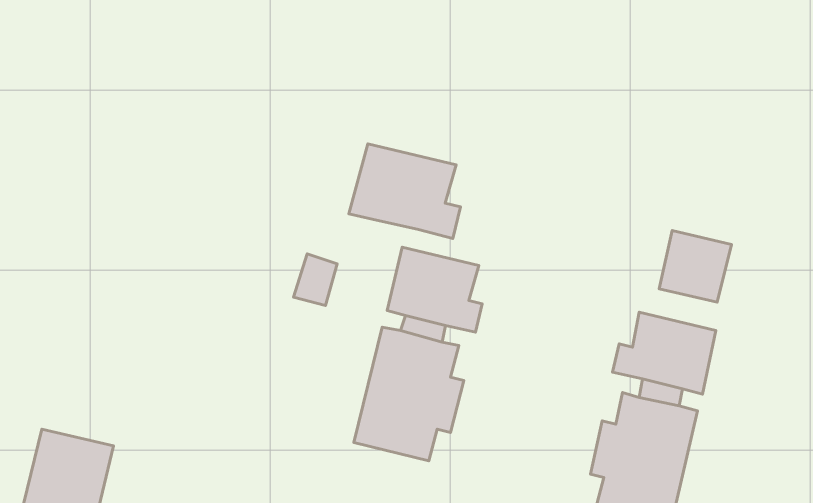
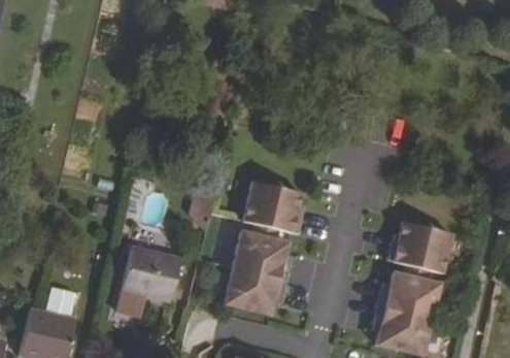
building: [349,144,460,238] -> none
building: [659,230,731,302] -> none
building: none -> [115,248,177,315]

